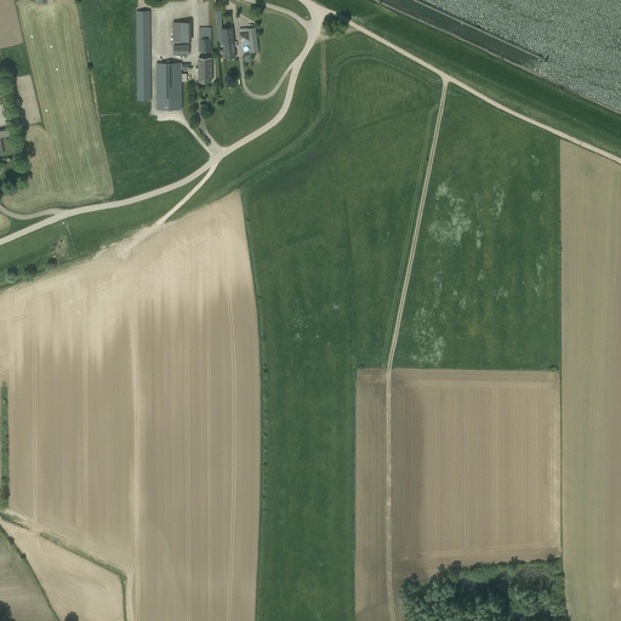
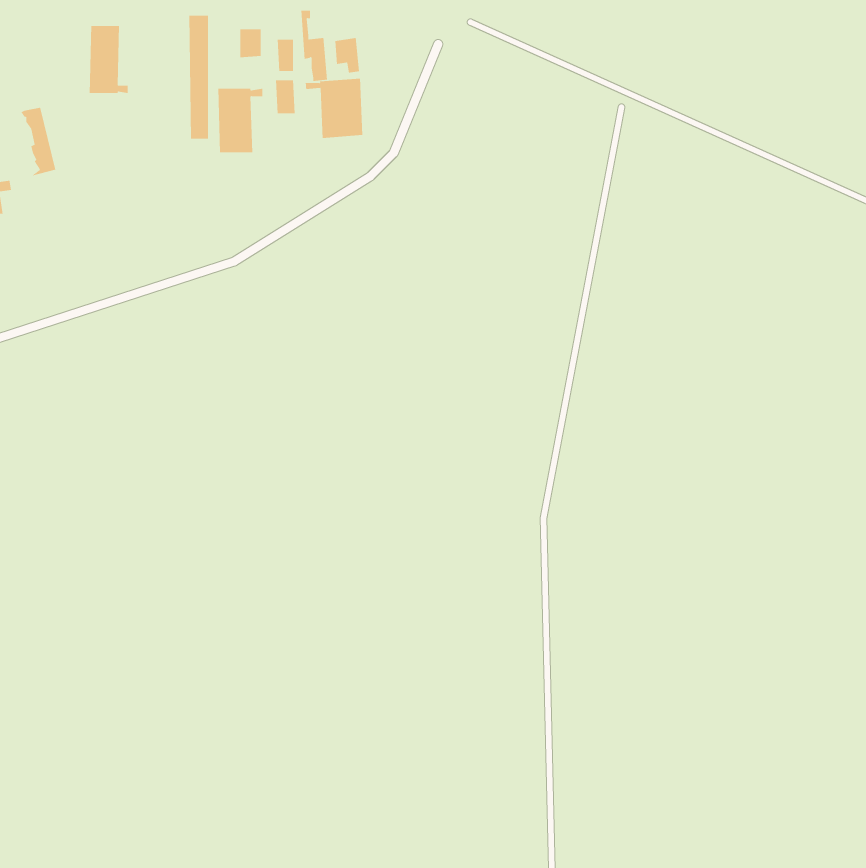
building: none -> [89,25,128,94]
building: none -> [305,78,363,139]

